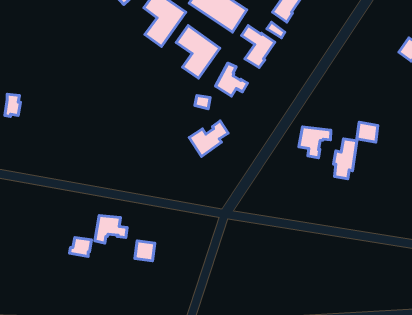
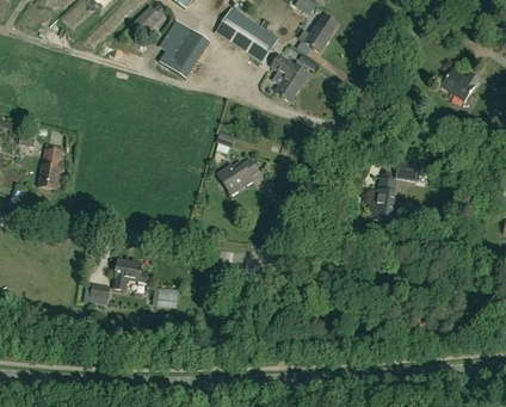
building: [176,25,220,78] -> none
building: [216,63,248,96] -> none
building: none -> [38,148,60,190]
building: [299,127,331,158] -> none

